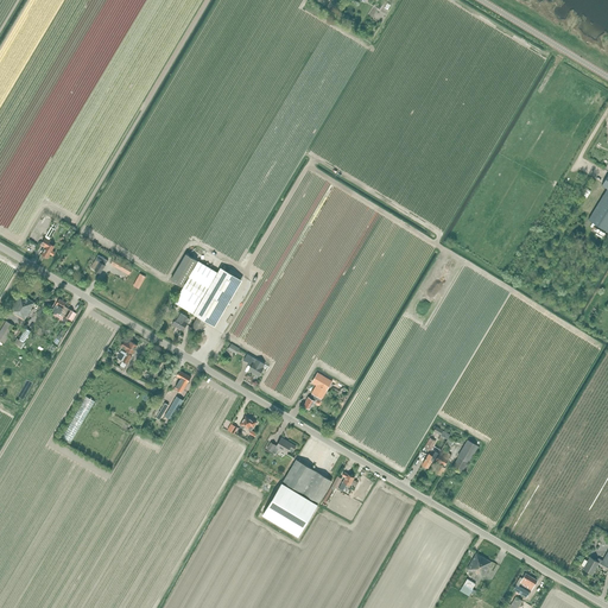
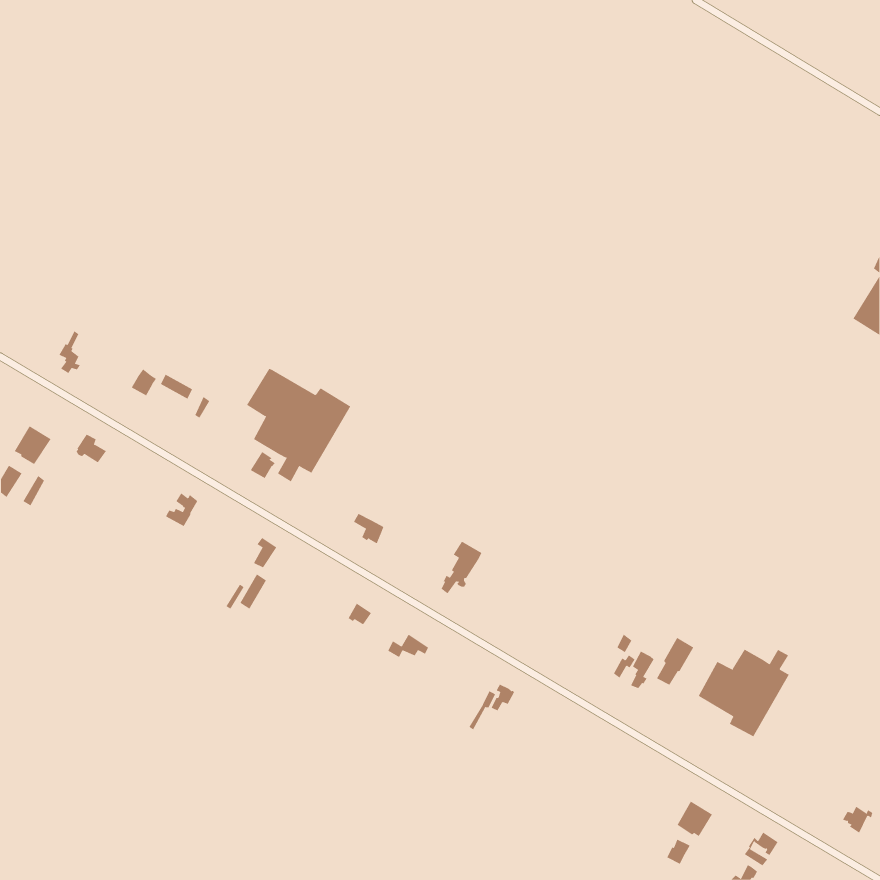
building: none -> [698,649,789,737]
building: [264,460,331,534] -> none

